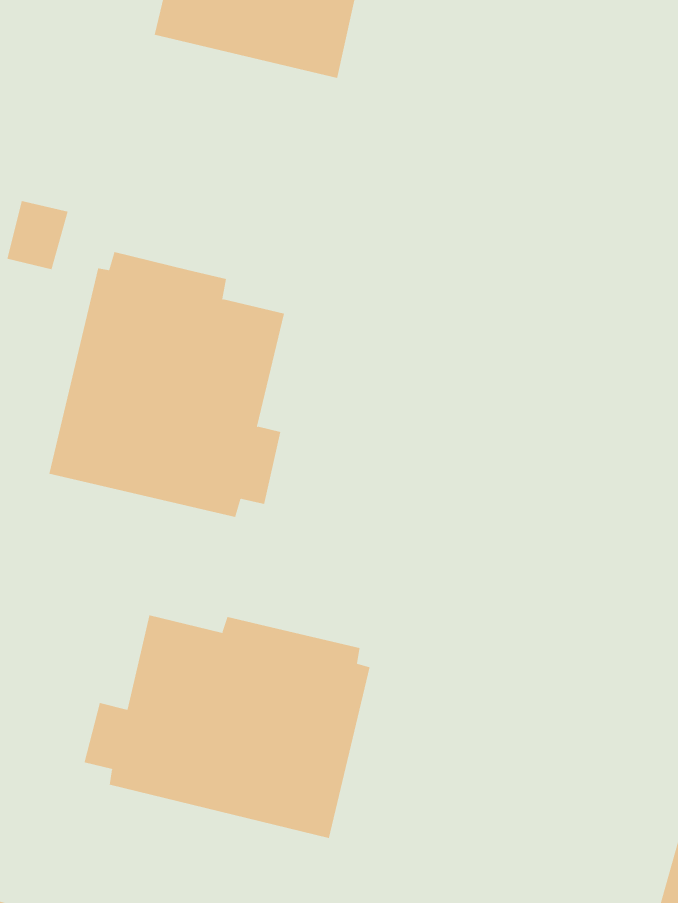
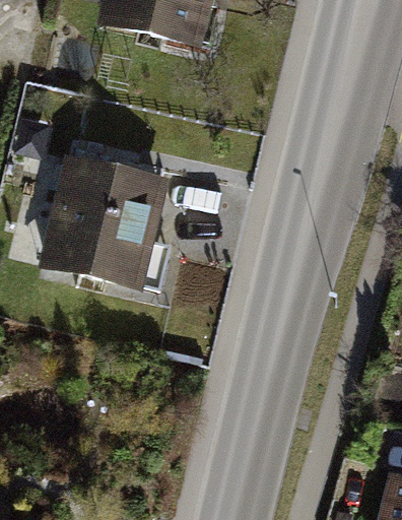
building: [84,615,370,839] -> none

